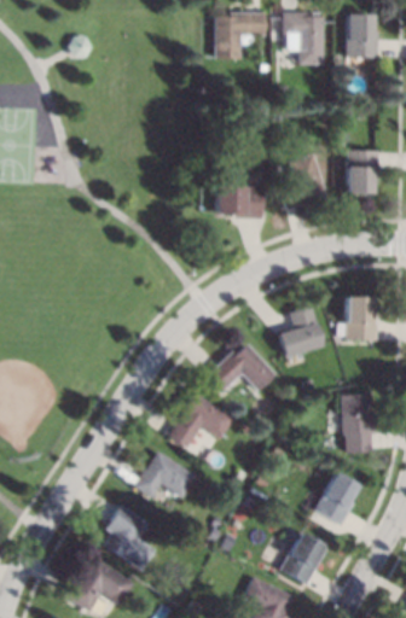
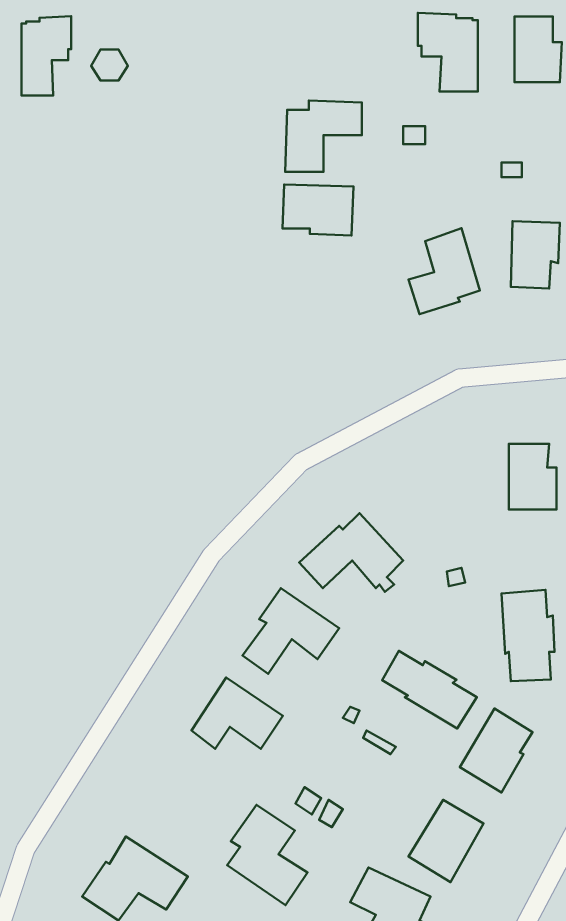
building: [215,11,266,58] -> [285,101,362,172]
building: none -> [22,16,71,95]
building: [214,185,261,218] -> [282,185,353,236]
building: [278,304,320,356] -> none
building: none -> [382,651,477,728]
building: [100,505,153,571] -> [227,805,308,905]

